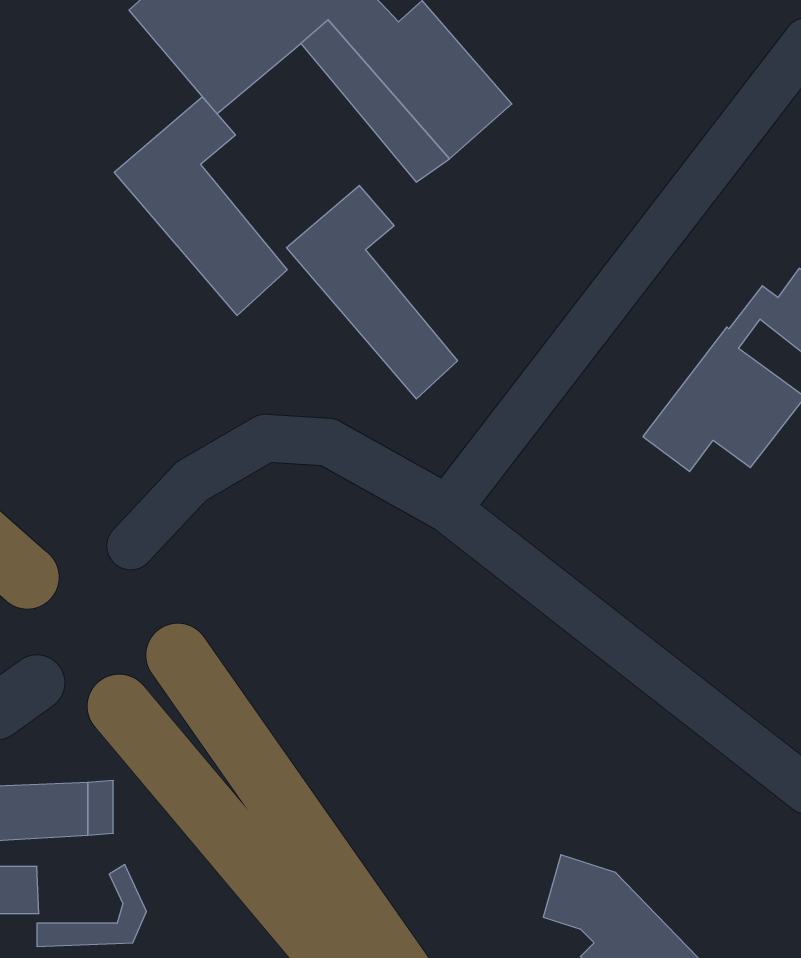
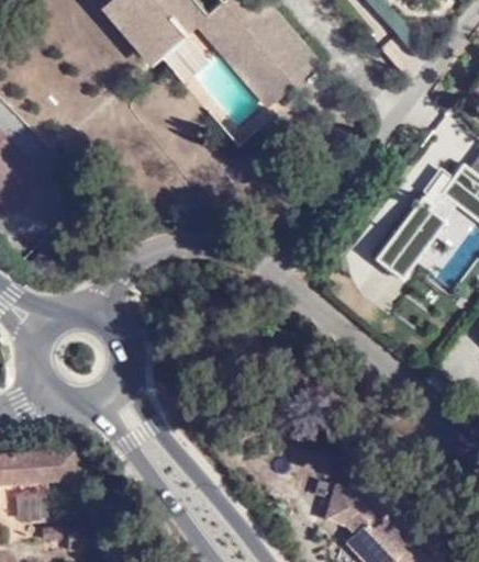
building: [114,97,287,315] -> none
building: [287,185,457,399] -> none

